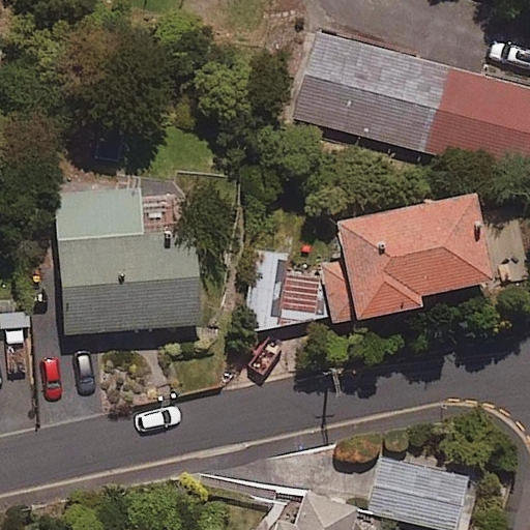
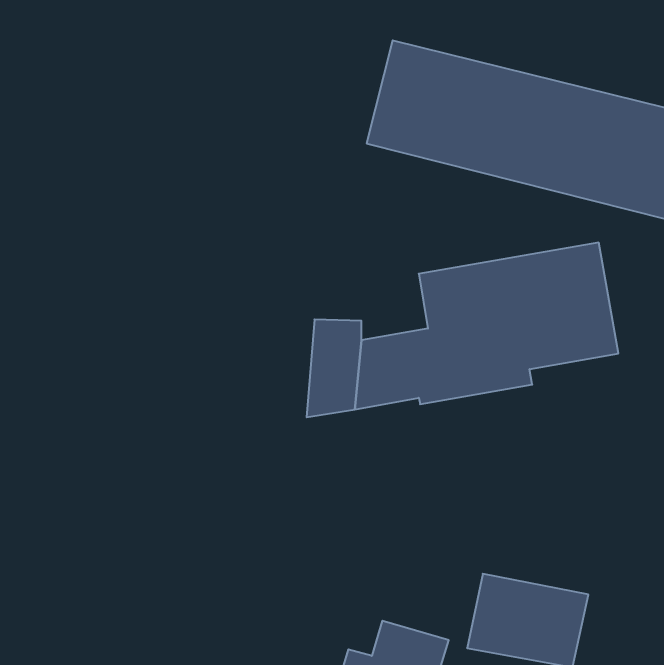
building: [57,189,202,333] -> none

